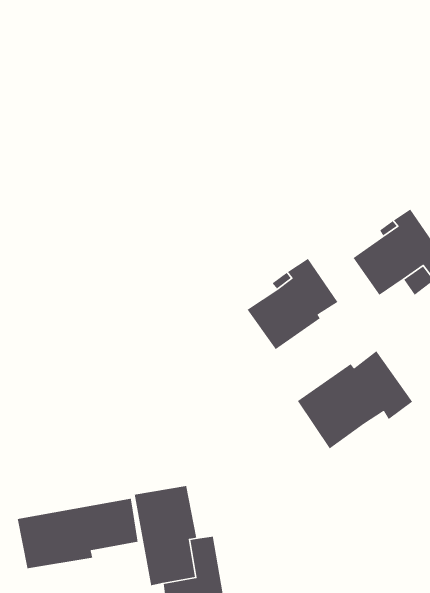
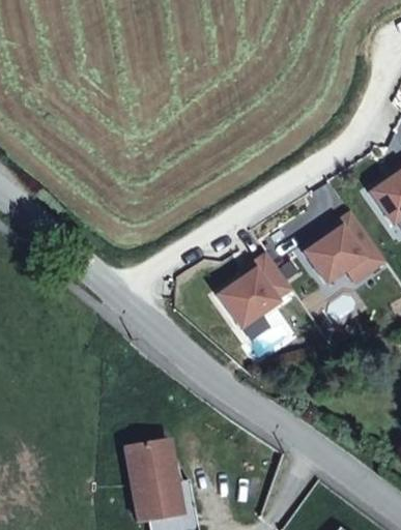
building: [297,350,413,450] -> none
building: [17,498,139,569] -> none

